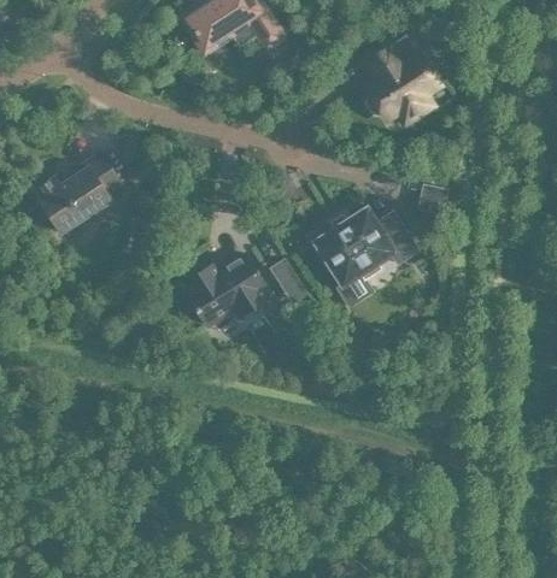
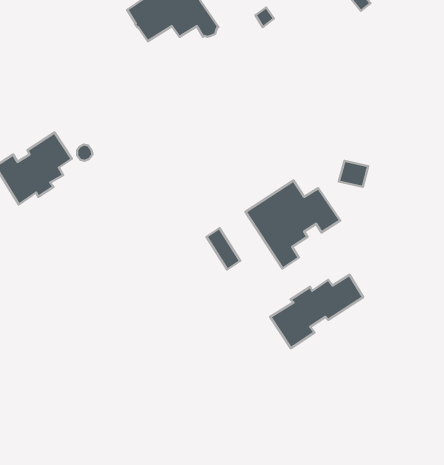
building: [363,34,439,125] -> none
building: [184,254,269,326] -> none
building: none -> [270,275,363,348]

